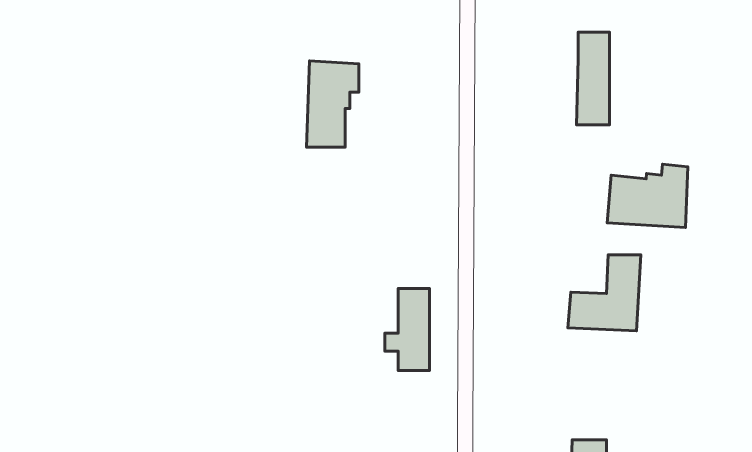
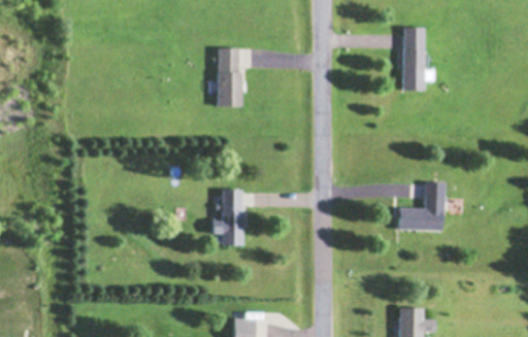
building: [607,164,688,228] -> none
building: [385,288,430,371] -> [213,190,244,246]

